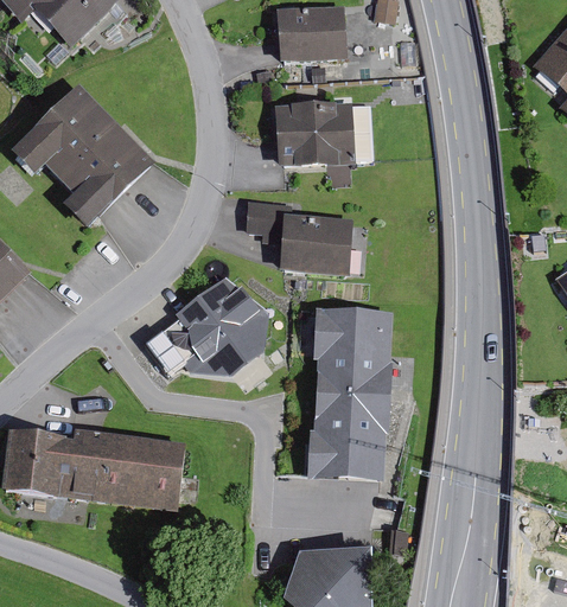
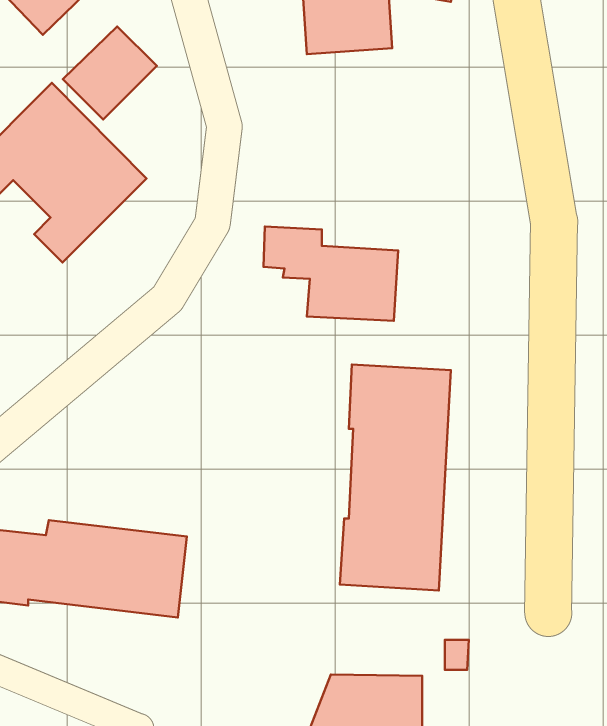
building: none -> [63,26,157,119]
building: [274,98,372,165] -> none
building: [145,274,269,375] -> none

